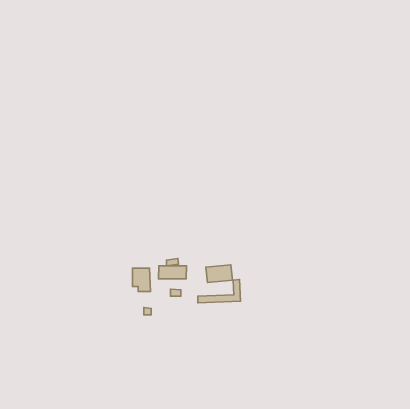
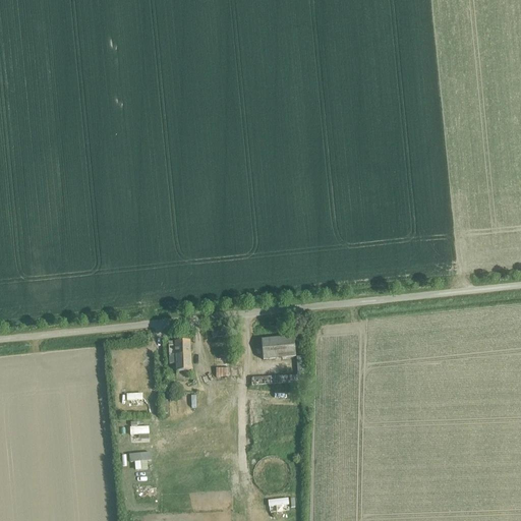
building: [159,266,186,279] -> none

